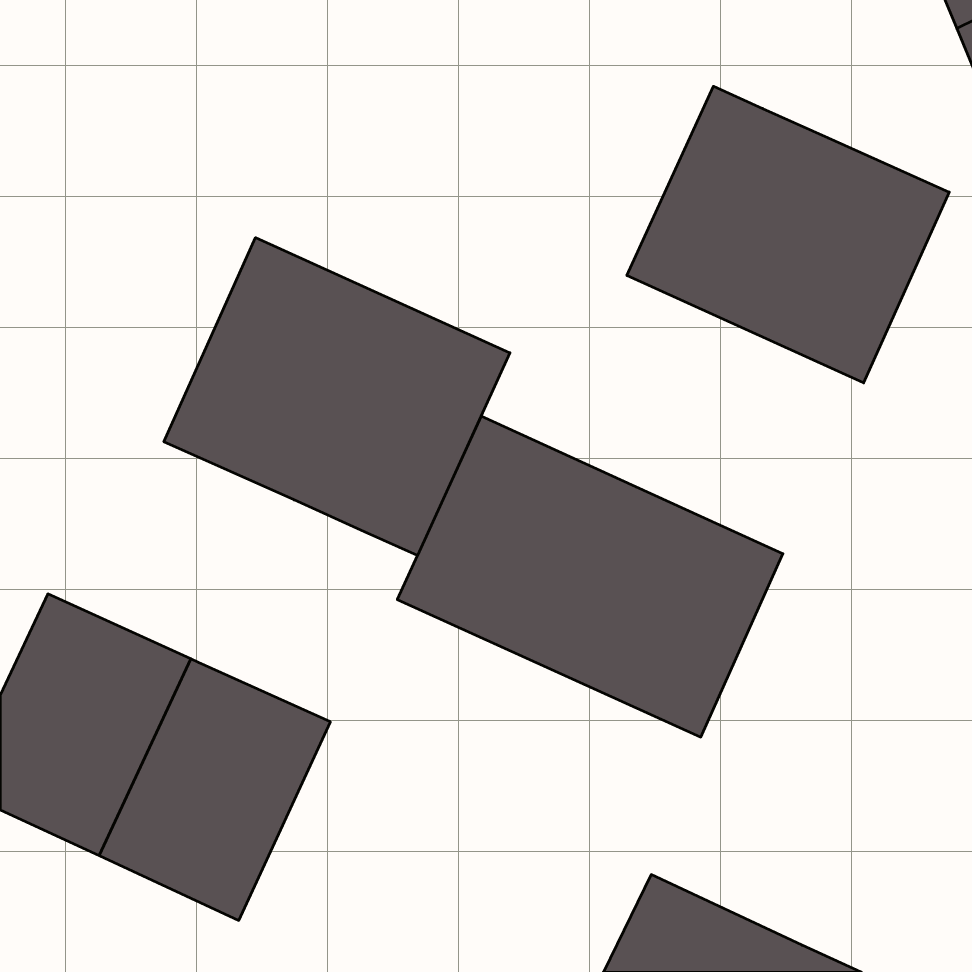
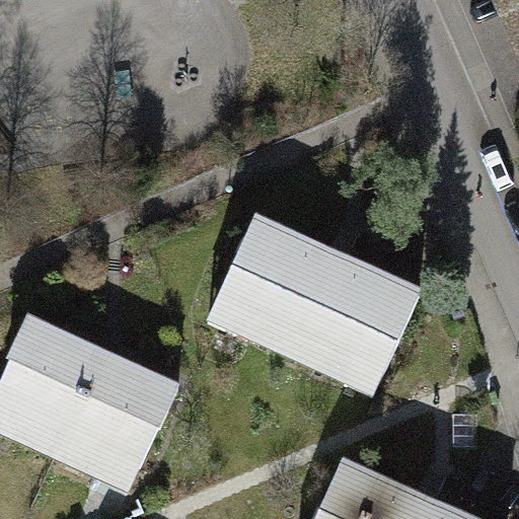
building: [627,86,949,383] -> none
building: [164,238,510,555] -> none

